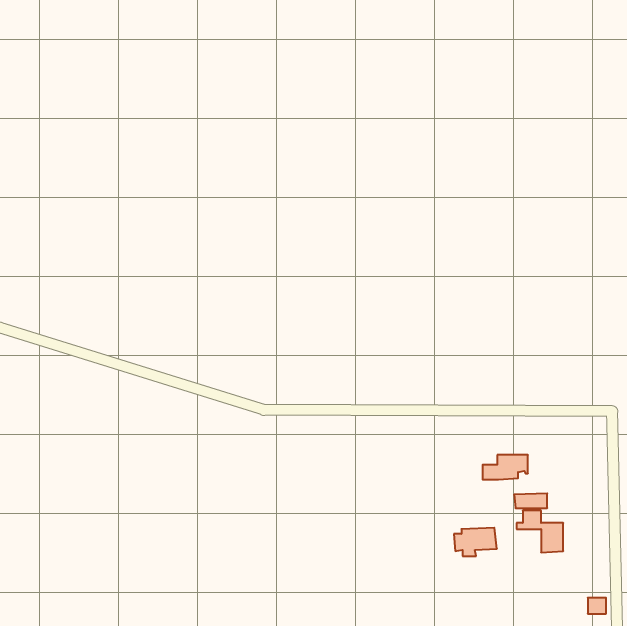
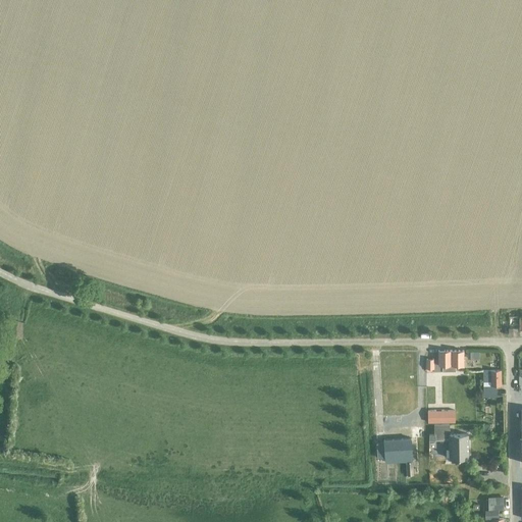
building: none -> [483,371,502,398]
building: [483,455,528,480] -> [426,352,464,372]

